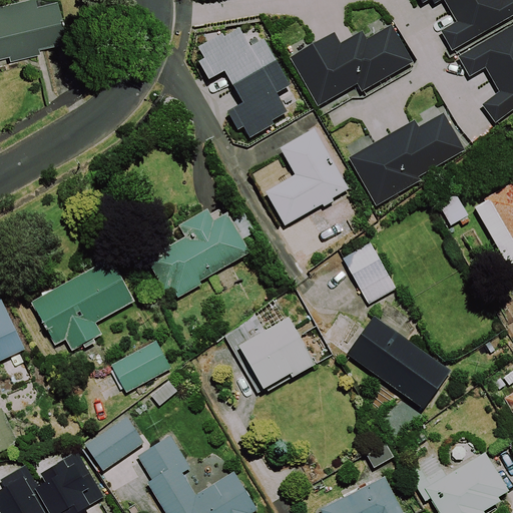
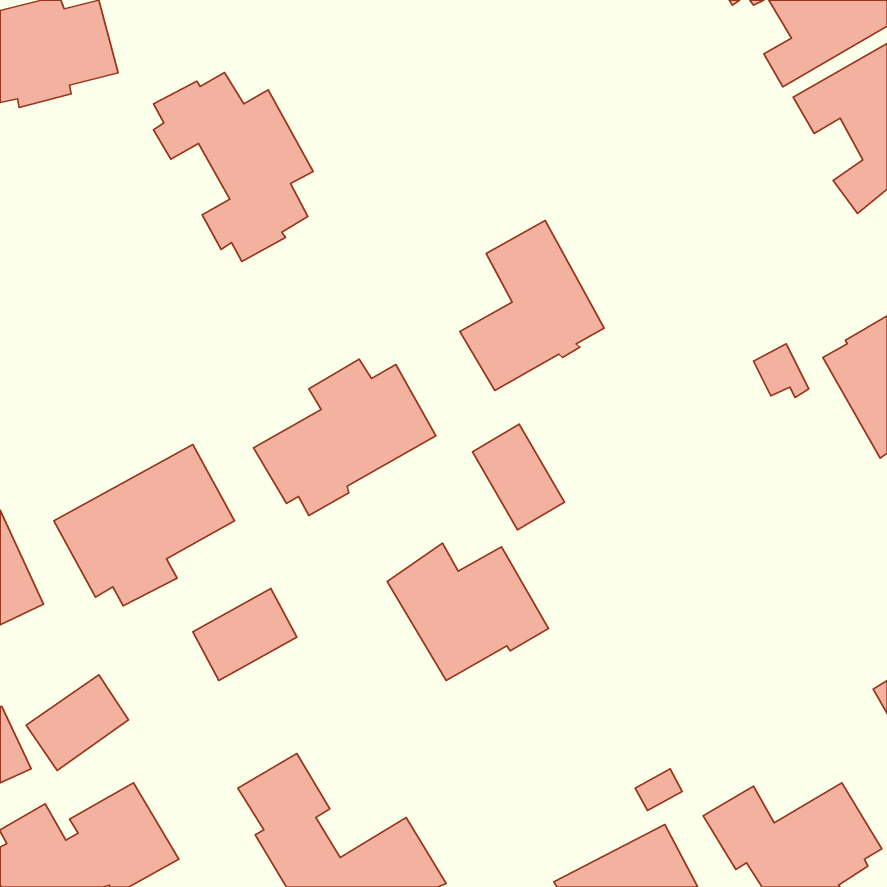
building: [290,24,414,105] -> none
building: [198,28,291,137] -> [153,72,313,262]
building: [349,112,465,206] -> none
building: [343,242,396,304] -> [472,424,564,530]
building: [347,316,451,409] -> none
building: [85,416,144,471] -> [26,675,128,770]

